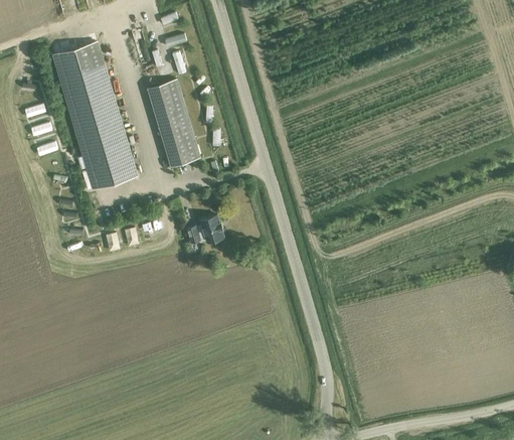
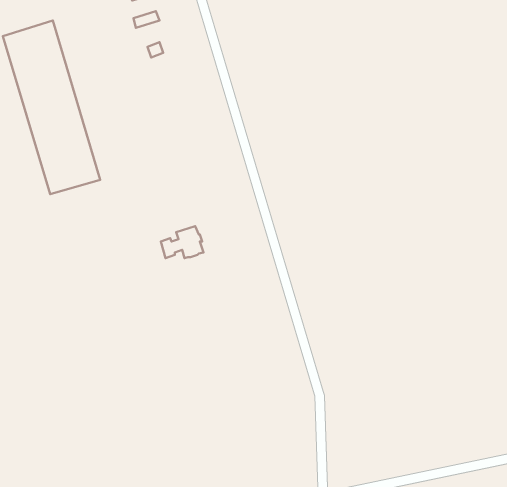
building: [149,80,200,167] -> none

